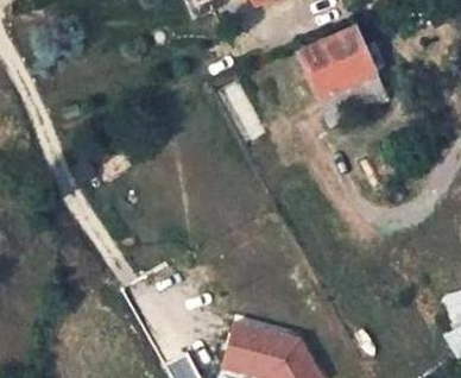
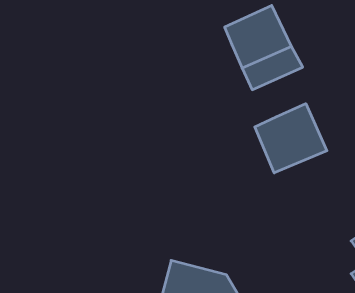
building: none -> [255,104,327,173]

